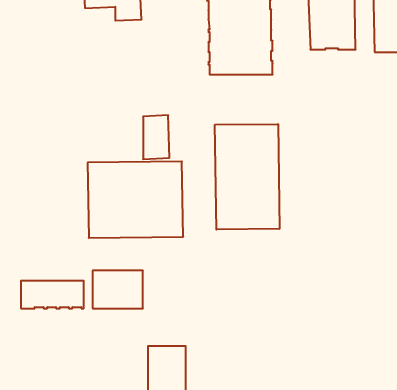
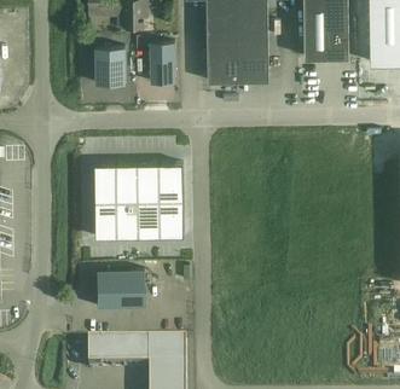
building: none -> [94,43,124,81]
building: [143,115,169,159] -> [150,39,175,81]
building: [215,124,279,230] -> none
building: [21,281,84,308] -> [88,339,149,366]

